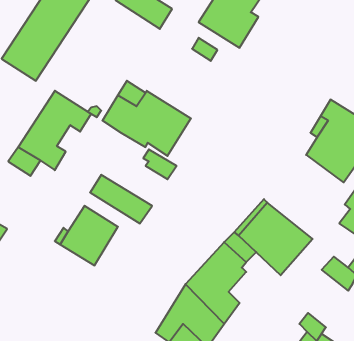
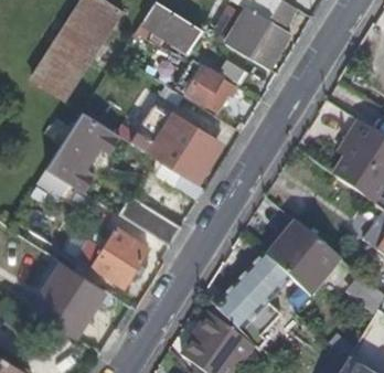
building: none -> [175,60,232,111]
building: none -> [39,264,106,330]

